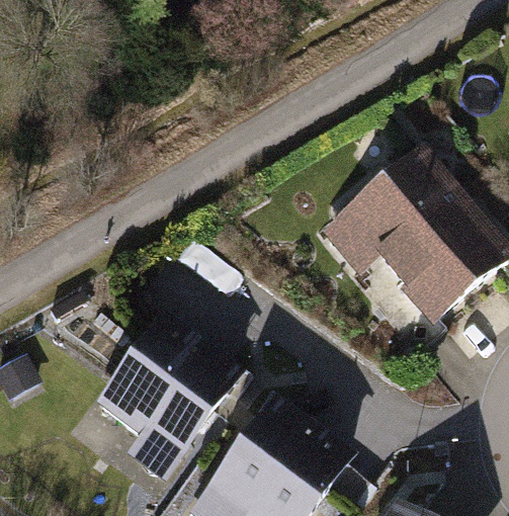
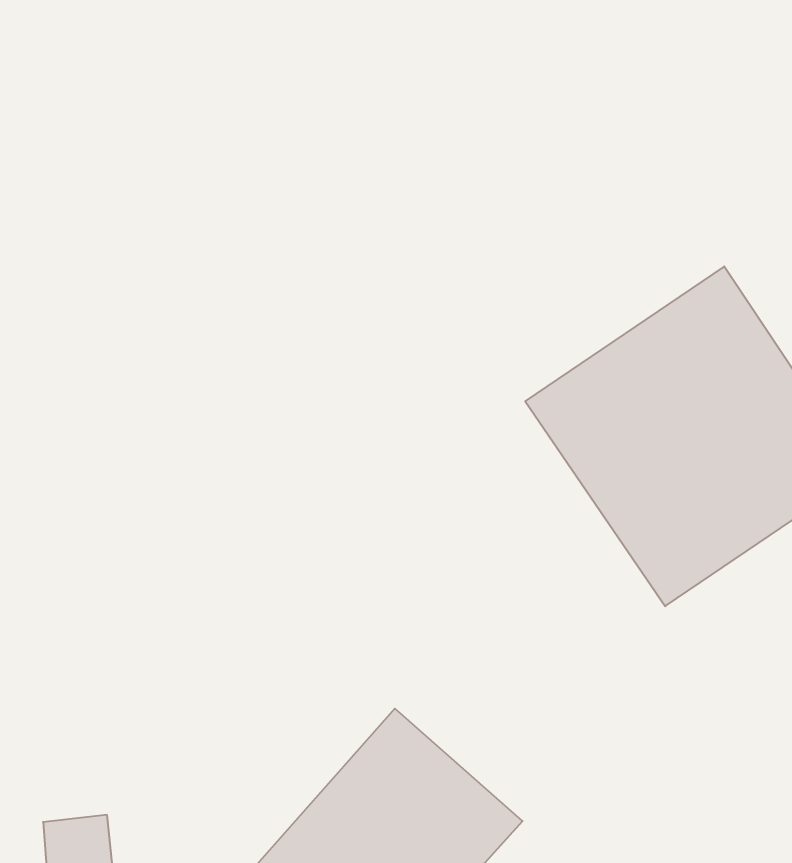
building: [94,321,237,483] -> none

